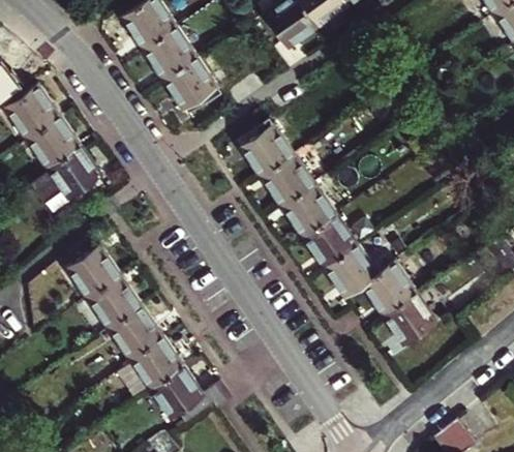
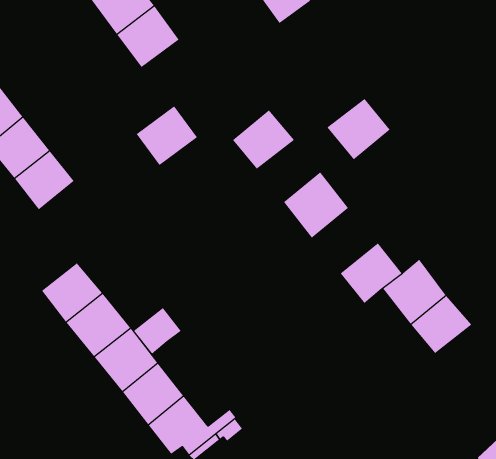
building: [164,58,218,110] -> [136,106,198,166]
building: [260,152,315,206] -> [326,98,391,160]
building: [304,214,362,271] -> none
building: none -> [133,307,182,354]

